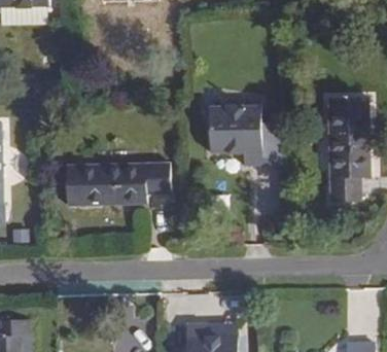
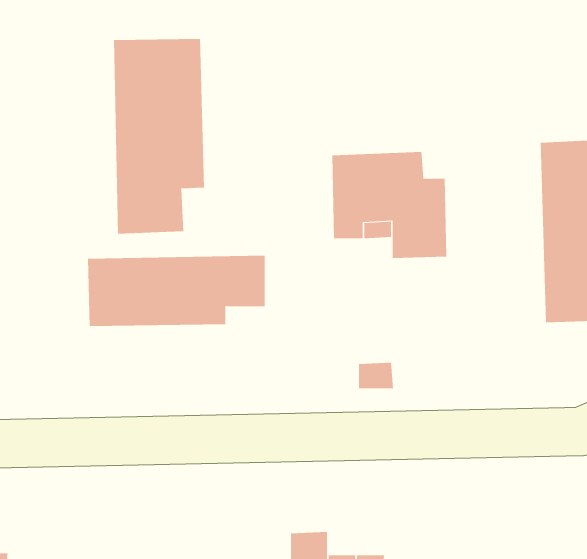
building: none -> [114,38,205,234]

